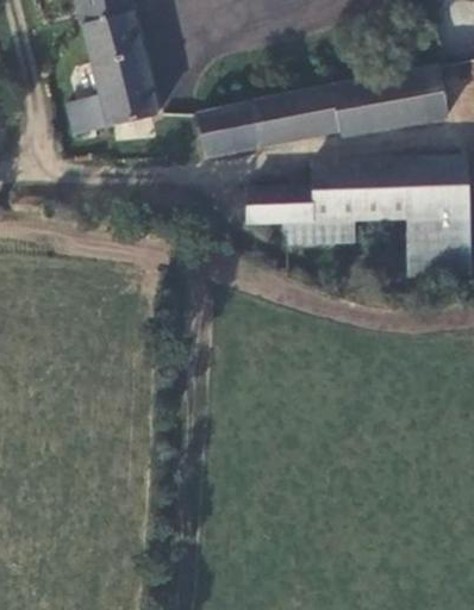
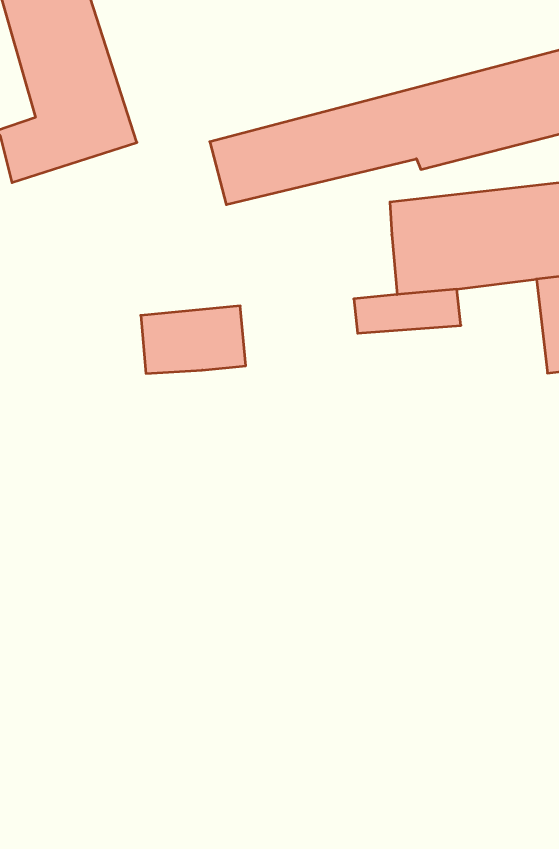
building: [254,182,320,223] -> [141,306,246,373]

